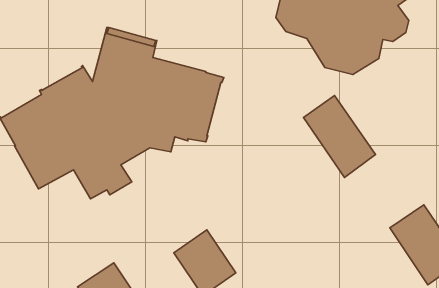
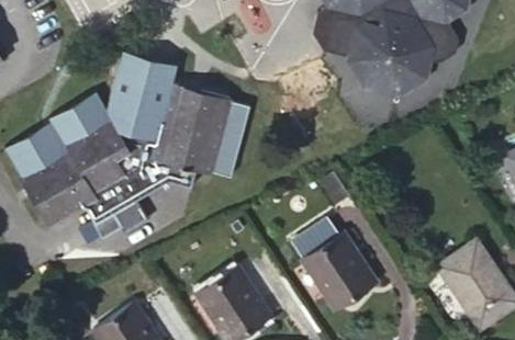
building: [303,95,376,177] -> [293,217,372,307]

